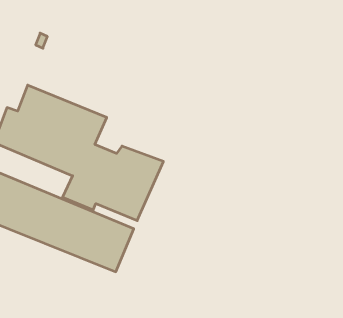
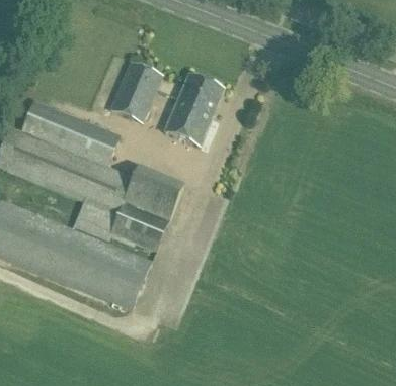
building: none -> [108,61,163,124]
building: none -> [164,76,223,147]

